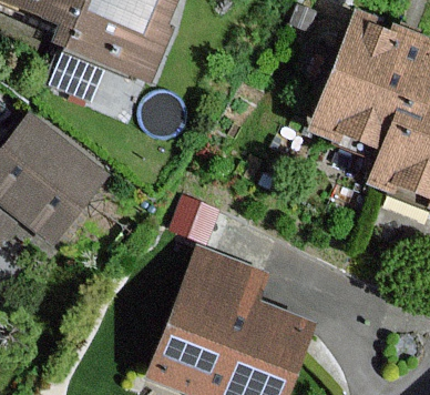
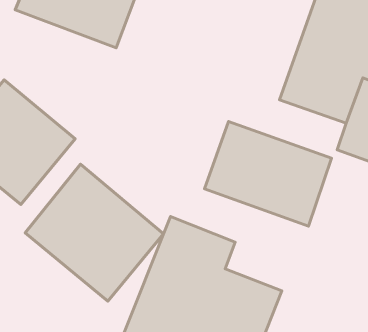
building: none -> [205,121,332,226]
building: none -> [25,164,163,301]

